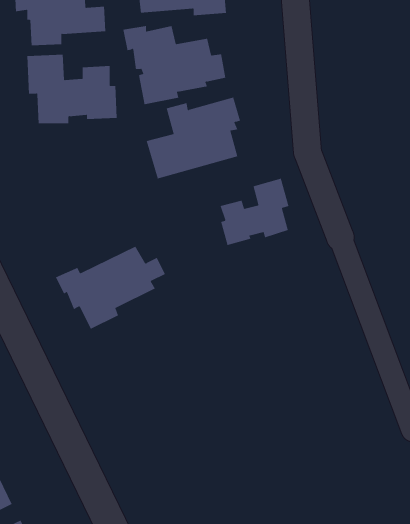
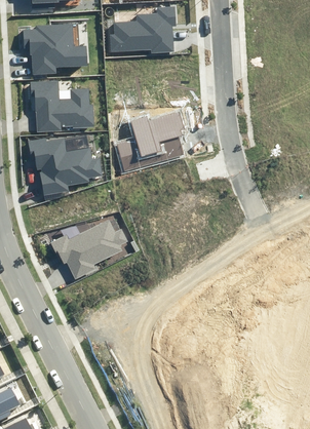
building: [123,25,226,105] -> [27,138,102,195]
building: [220,178,289,246] -> none

